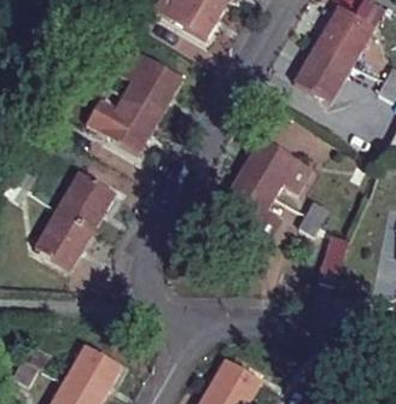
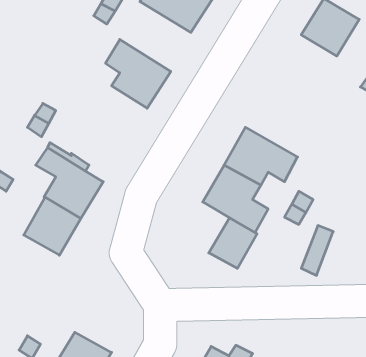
building: [293,42,353,101] -> none
building: [100,94,159,154] -> none
building: none -> [209,218,257,268]

